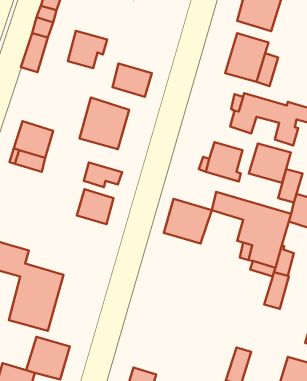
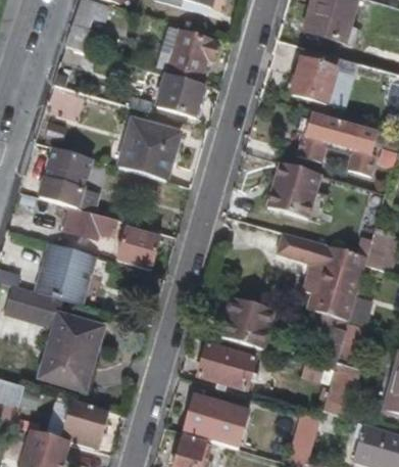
building: [68,31,107,68] -> [173,33,219,77]
building: [249,143,291,183] -> none
building: [84,163,122,187] -> [74,209,119,238]
building: [164,199,212,243] -> [218,293,275,345]
building: none -> [36,242,92,302]
building: none -> [199,342,249,384]
building: none -> [322,361,358,416]
building: none -> [183,393,250,446]

